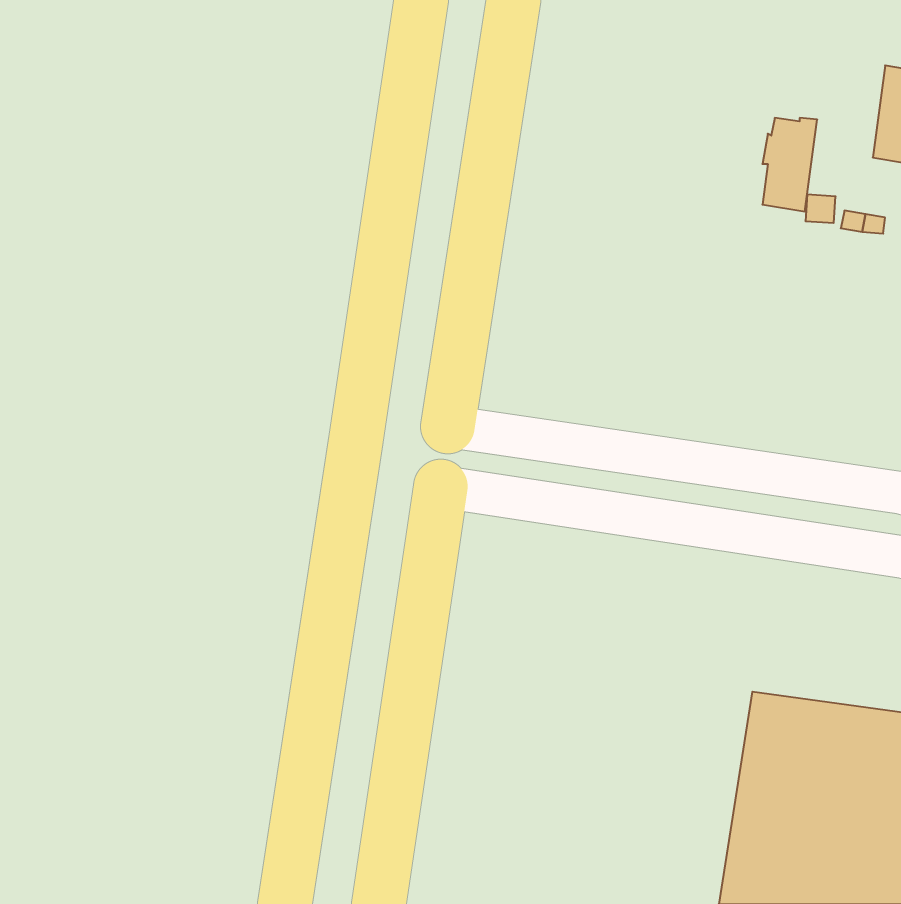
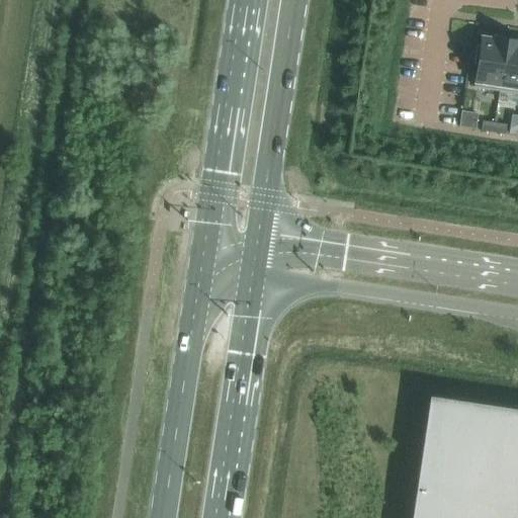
building: [762,118,817,212] -> [477,36,508,90]

